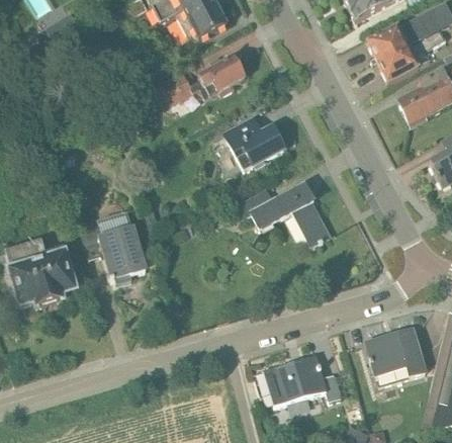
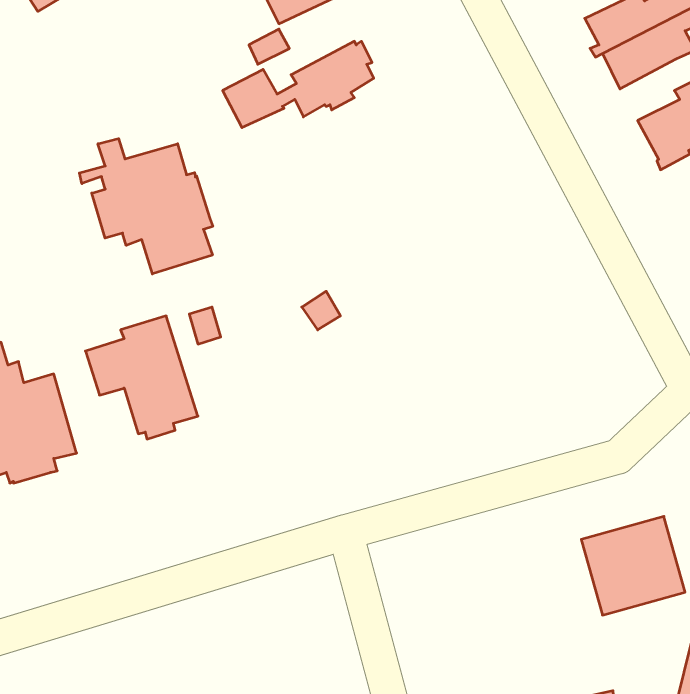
building: none -> [79,139,213,274]
building: [224,117,286,168] -> none
building: [235,183,330,244] -> none
building: [264,354,342,406] -> none

